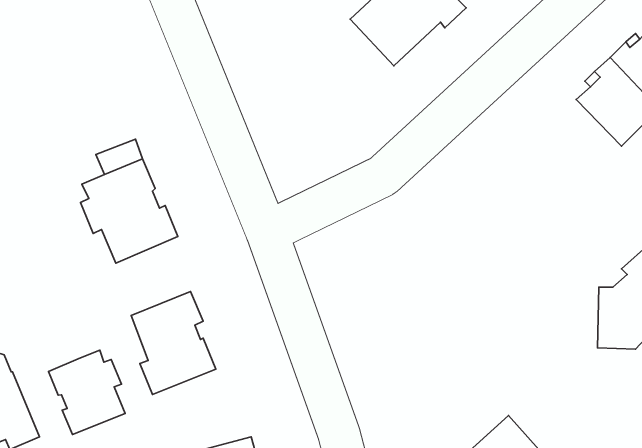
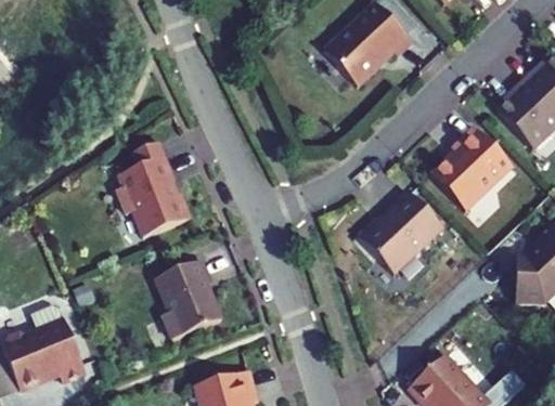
building: none -> [430,127,512,210]
building: none -> [357,193,441,272]
building: [49,350,125,435] -> none

